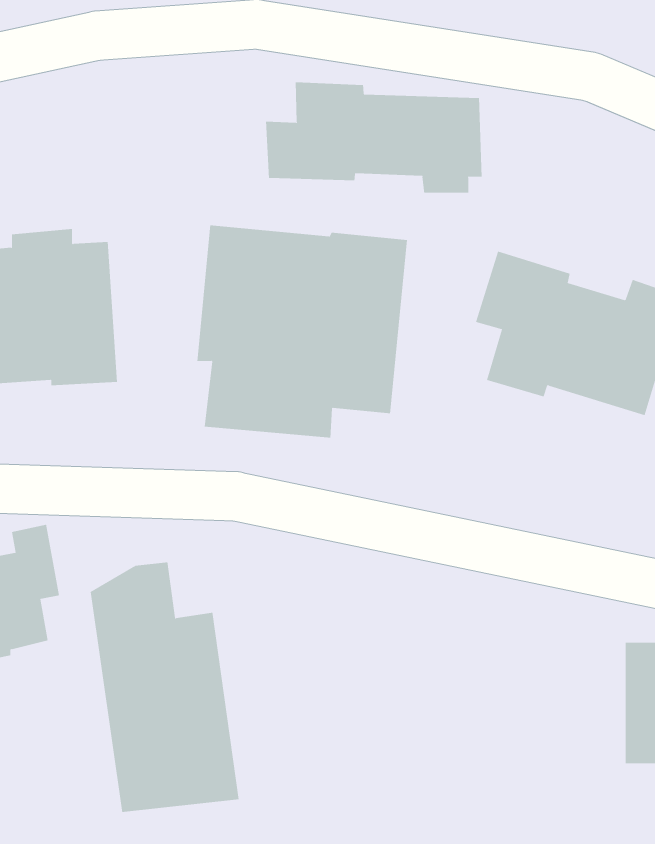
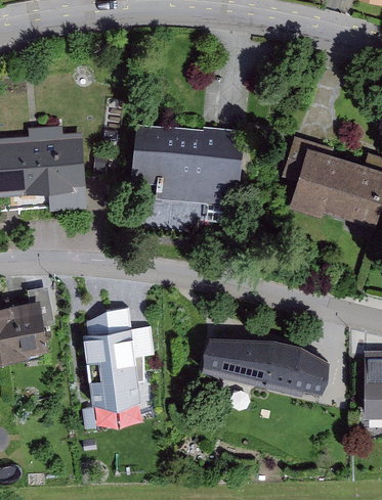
building: [265,82,482,194] -> none
building: none -> [201,337,329,395]

